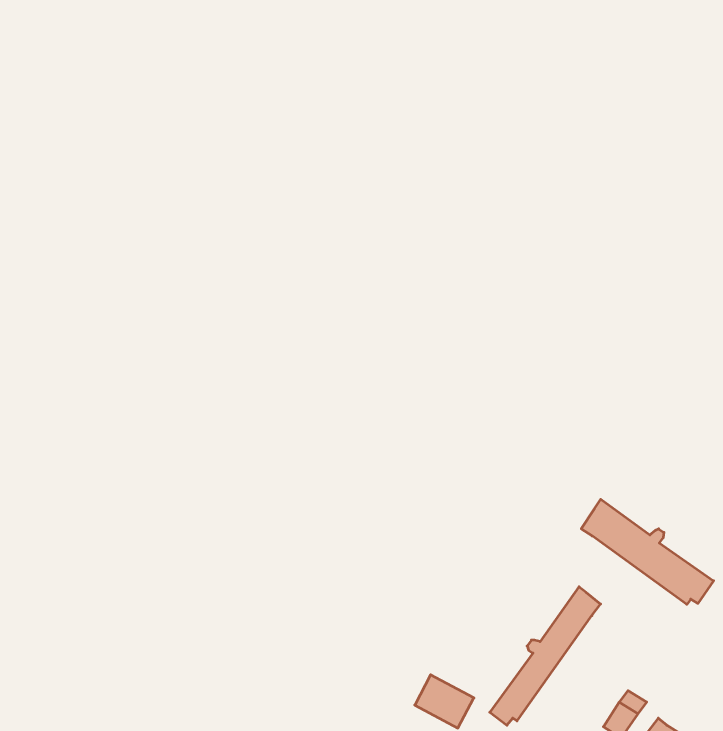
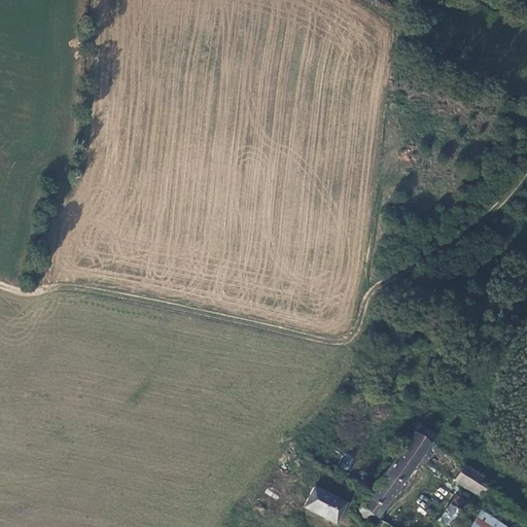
building: [581,499,714,604] -> none
building: none -> [459,467,492,497]

